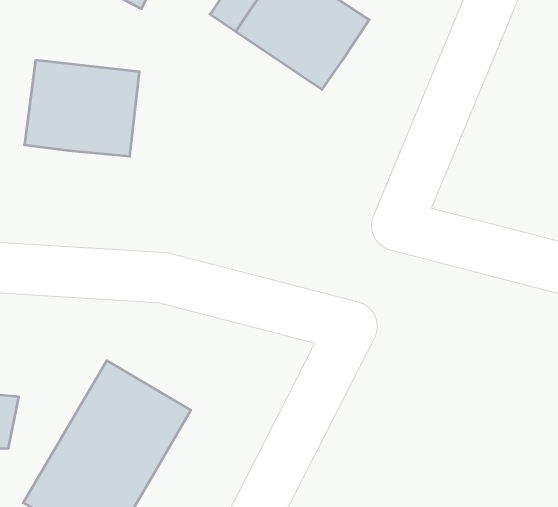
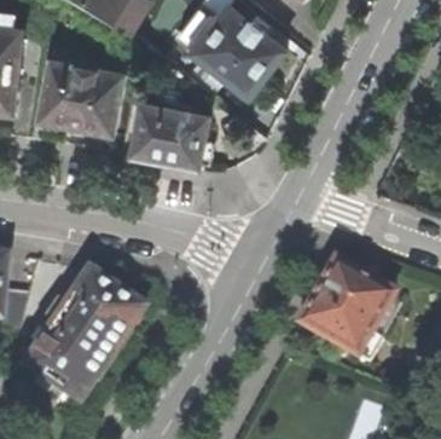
building: none -> [133,97,213,168]
building: none -> [298,259,394,360]

